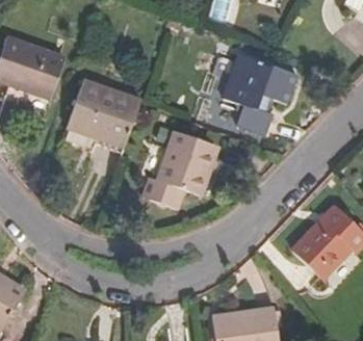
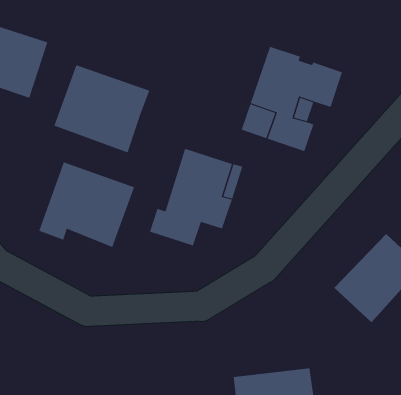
building: none -> [38,162,135,248]

